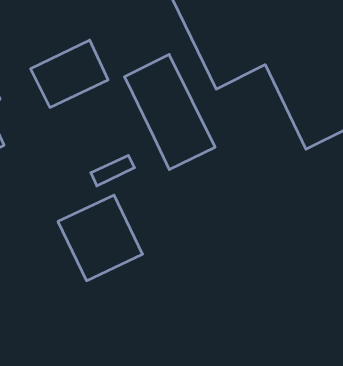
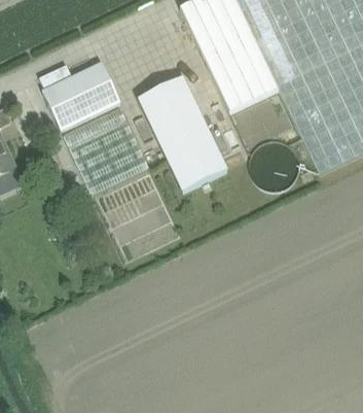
building: [58,195,143,281] -> [65,108,150,195]

